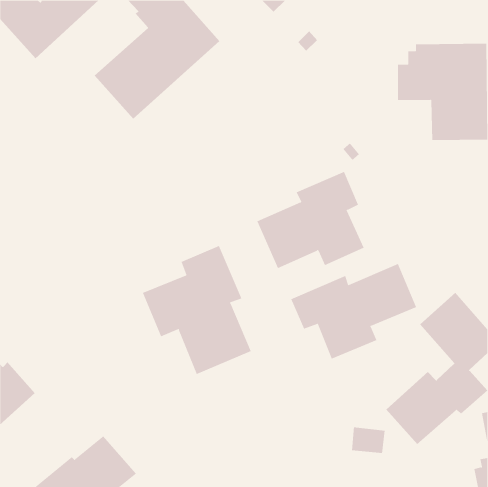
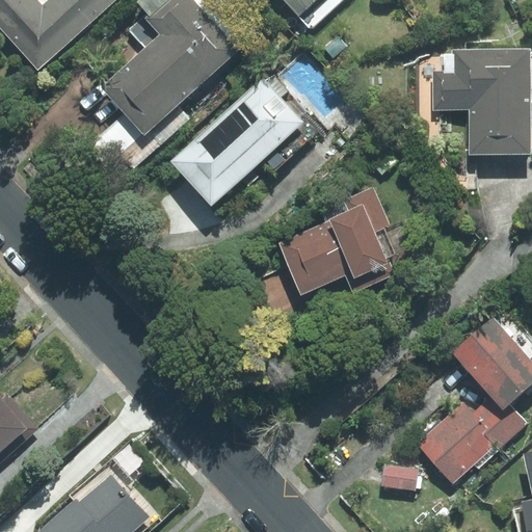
building: none -> [171,75,304,205]
building: [142,245,252,375] -> none
building: [291,263,417,360] -> none

